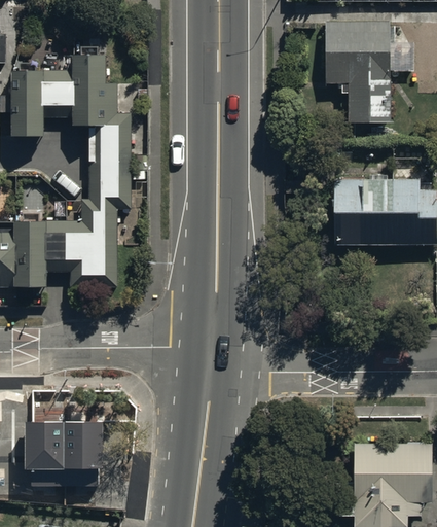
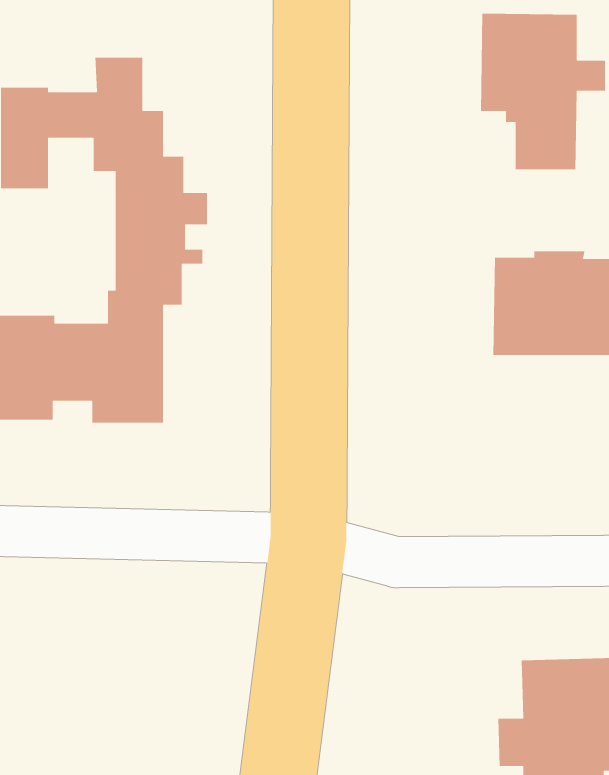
building: [25,428,104,492] -> none

